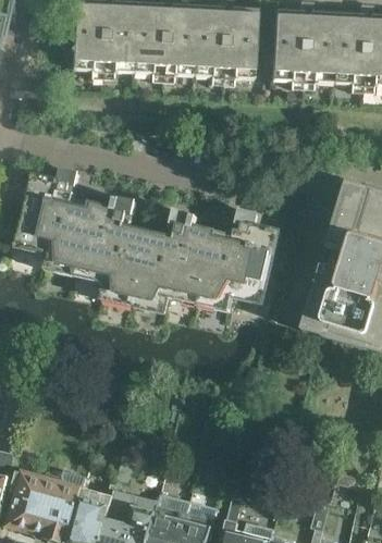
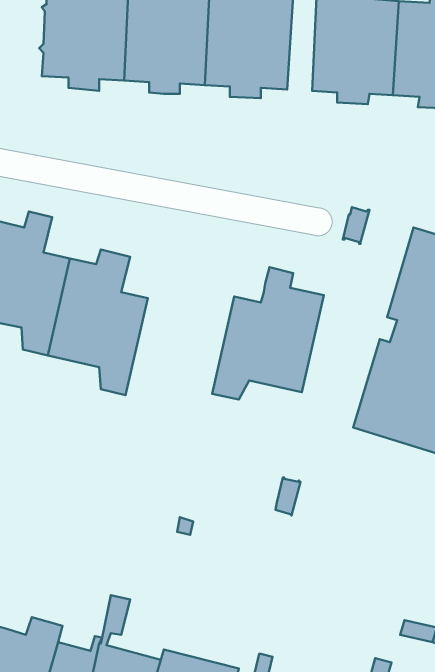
building: [131,211,211,309] -> none

